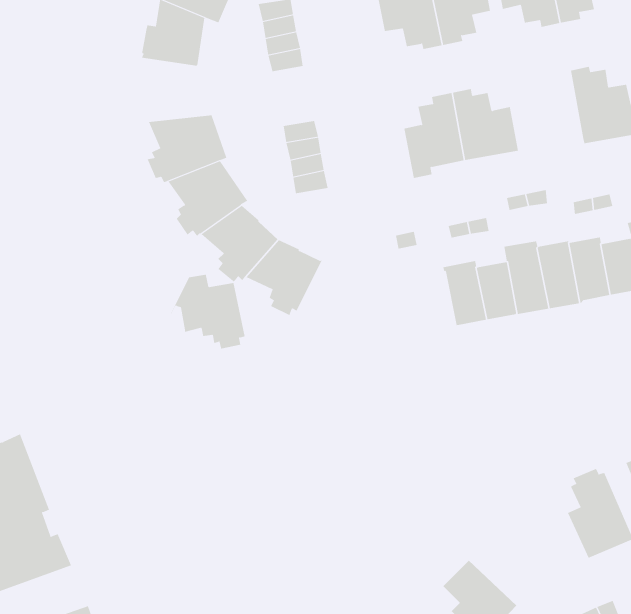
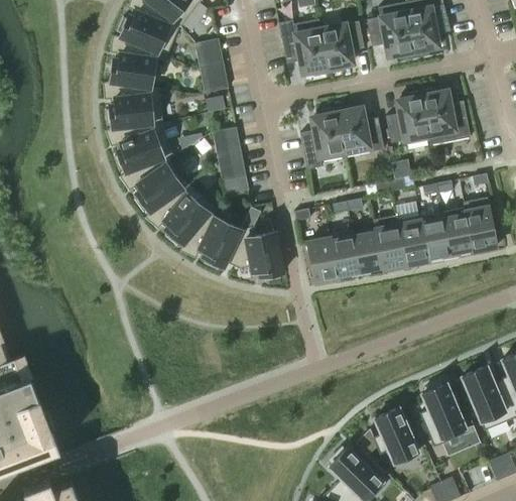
building: none -> [105,83,162,129]
building: none -> [386,92,430,146]
building: none -> [306,238,339,283]
building: [162,274,245,349] -> [223,227,283,281]
building: none -> [373,408,418,463]

